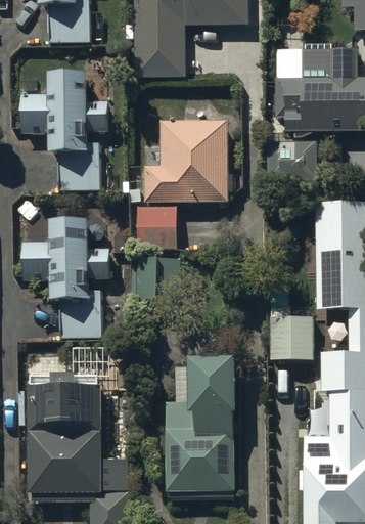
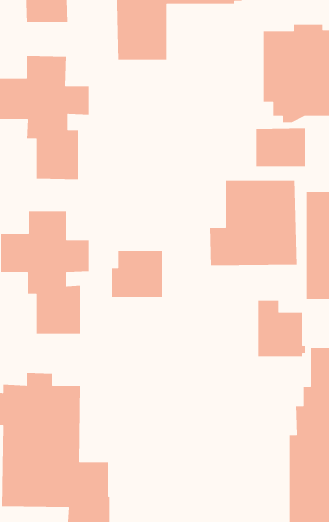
building: [143,120,227,202] -> [209,180,297,266]
building: [137,206,175,248] -> none
building: [159,357,234,499] -> none

